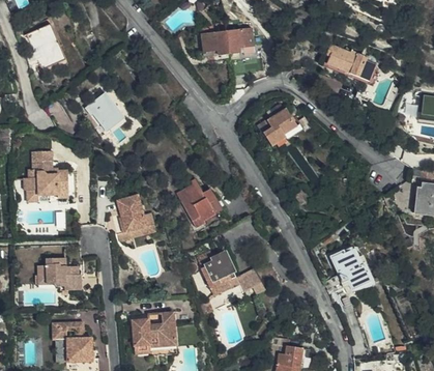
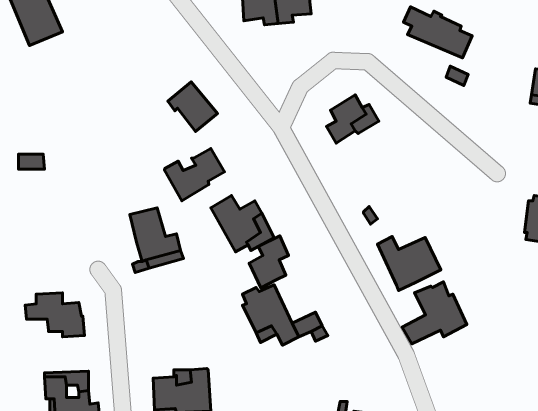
building: [86,94,123,132] -> [168,82,217,131]
building: none -> [164,149,225,201]
building: [25,169,69,202] -> none
building: none -> [249,236,288,288]
building: none -> [378,237,441,290]

